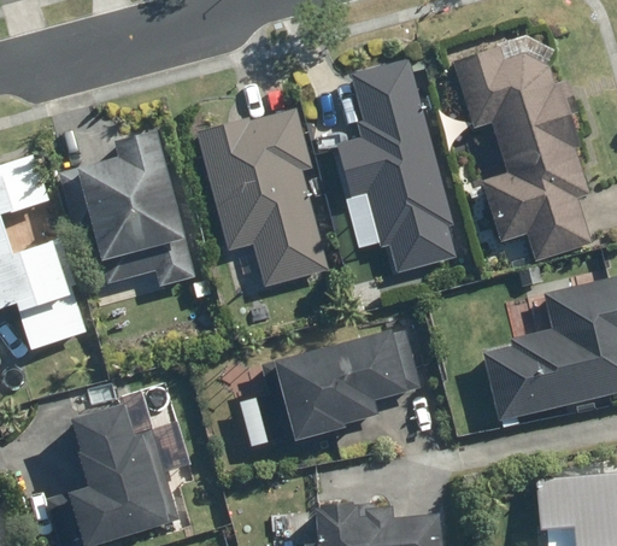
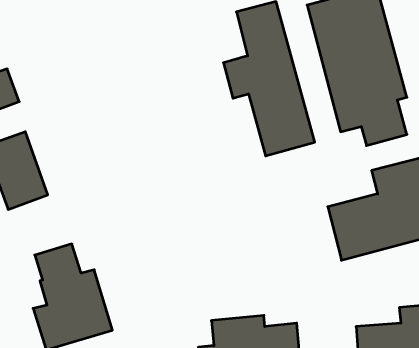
building: [195,102,330,289] -> none
building: [76,127,196,289] -> none
building: [236,325,421,456] -> none

